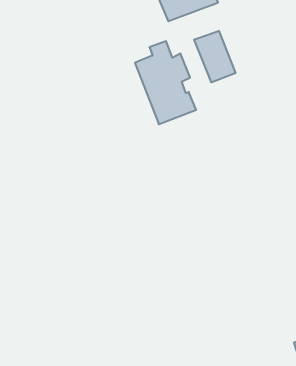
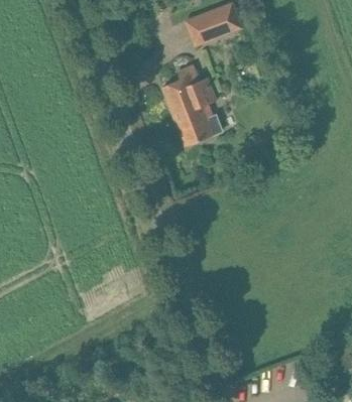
building: [194,31,235,82] -> none

